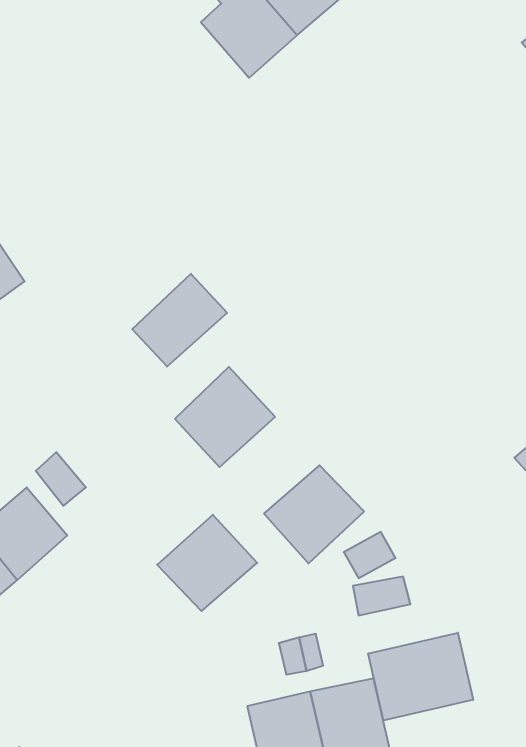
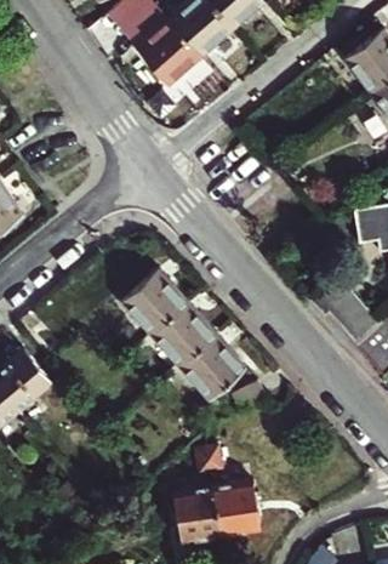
building: [132,274,227,367] -> none
building: [157,515,257,611] -> [150,304,216,368]
building: [368,633,473,721] -> none

